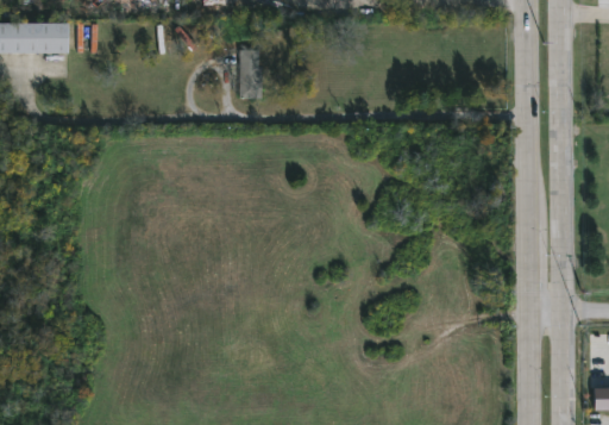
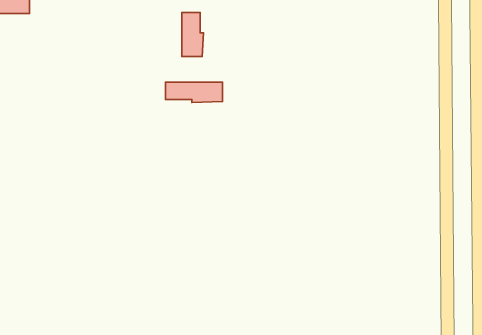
building: none -> [165,82,222,102]

